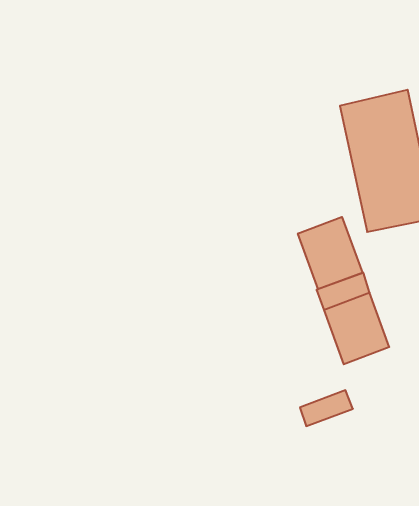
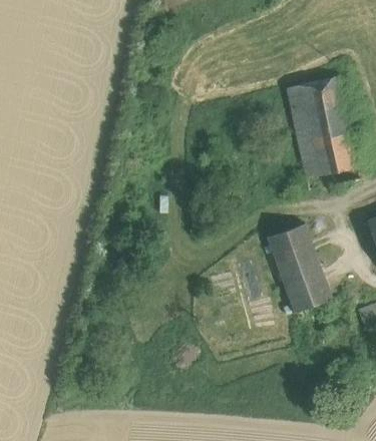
building: [298,217,362,289] -> none
building: [300,390,353,426] -> [289,283,332,312]

